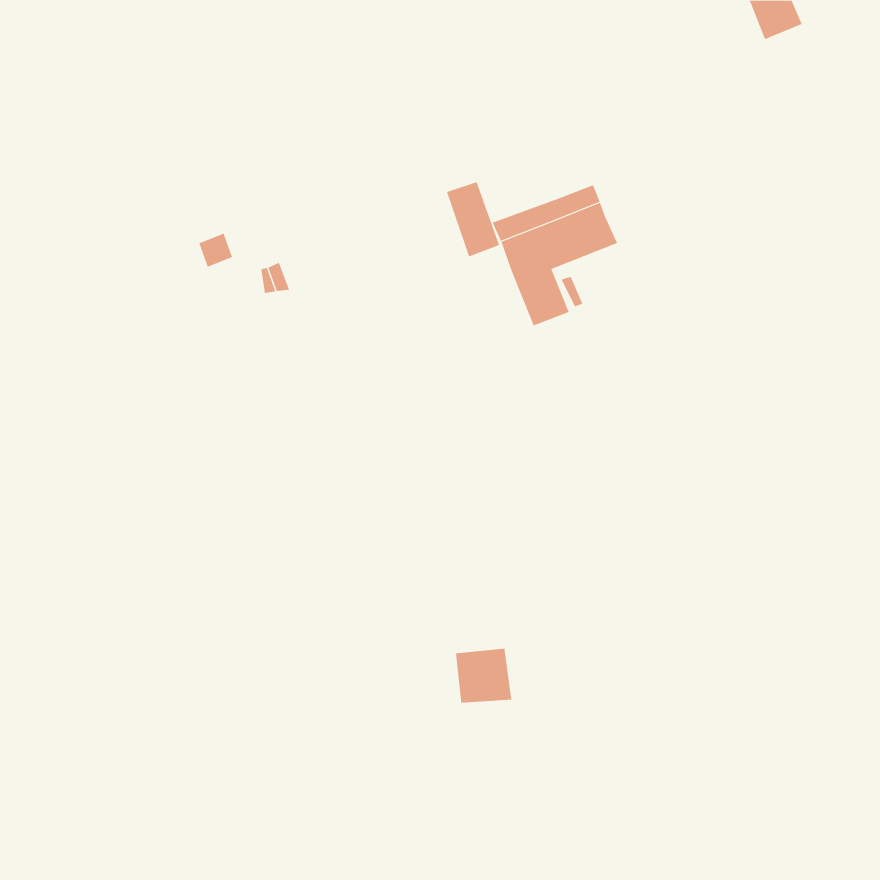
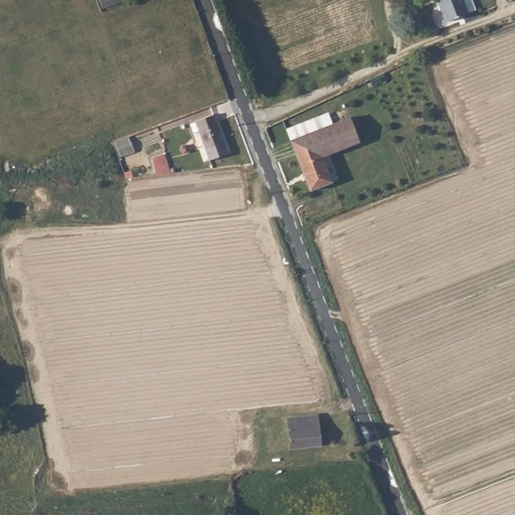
building: [446,181,500,257] -> [196,116,227,160]
building: [455,648,512,703] -> [288,415,321,448]

